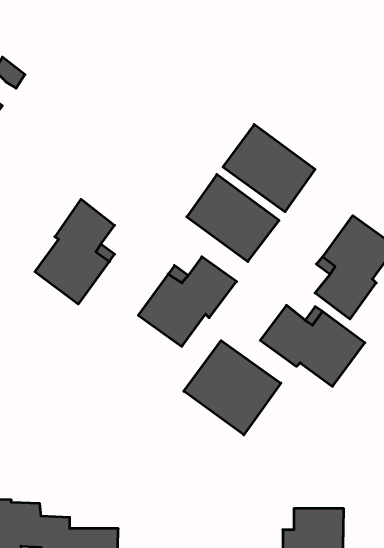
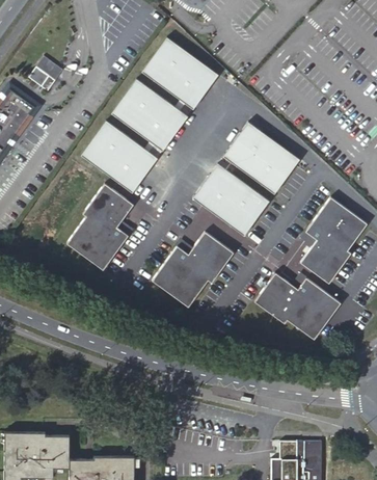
building: none -> [141,37,218,109]
building: none -> [111,79,188,151]
building: none -> [81,121,157,192]
building: [184,341,281,435] -> none

